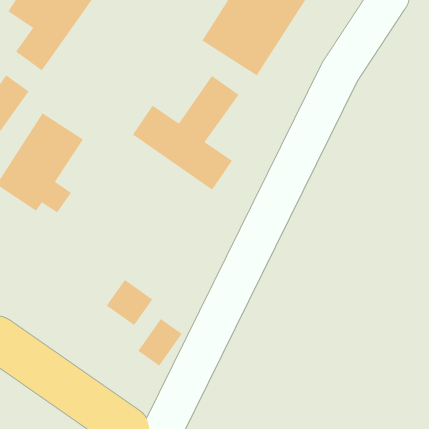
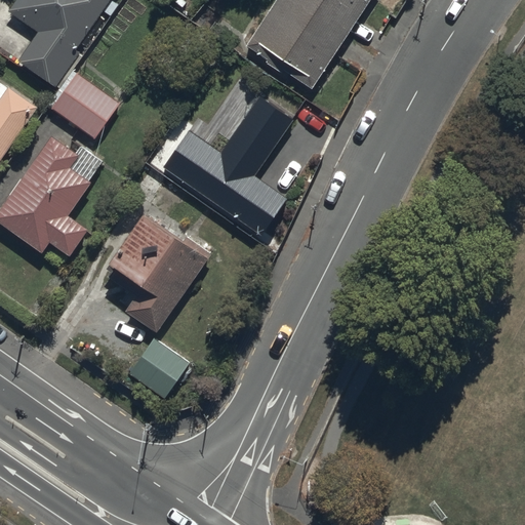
building: none -> [52,73,121,139]
building: none -> [98,209,209,335]
building: [138,318,183,366] -> none

